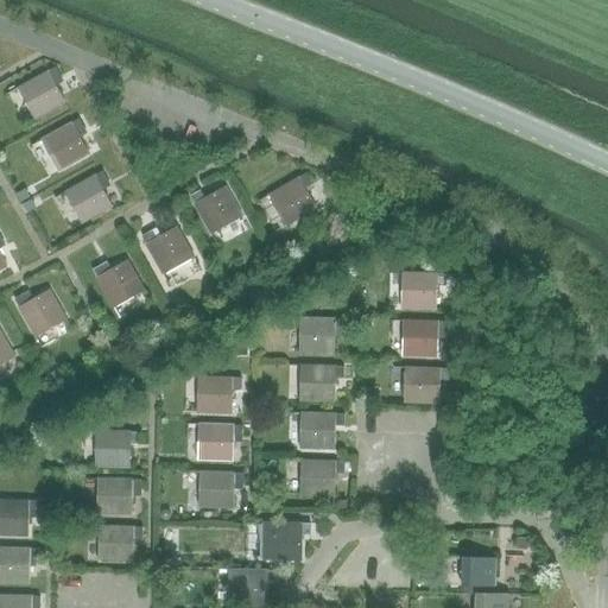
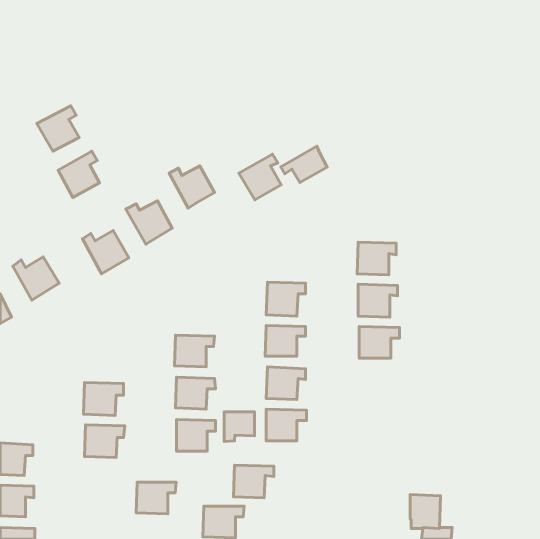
building: [19,66,65,118] -> none
building: none -> [281,146,327,183]
building: none -> [224,412,255,441]
building: [96,526,141,562] -> [136,482,176,514]

